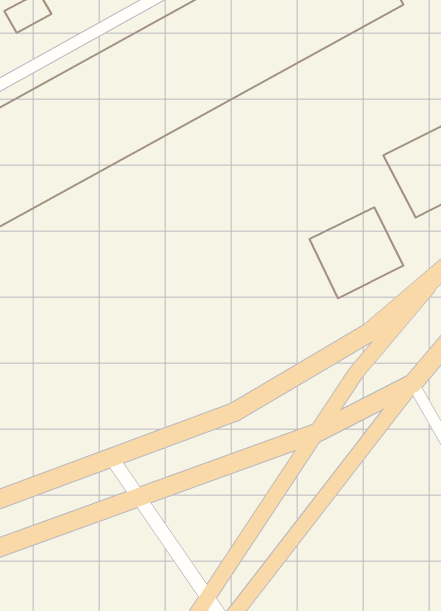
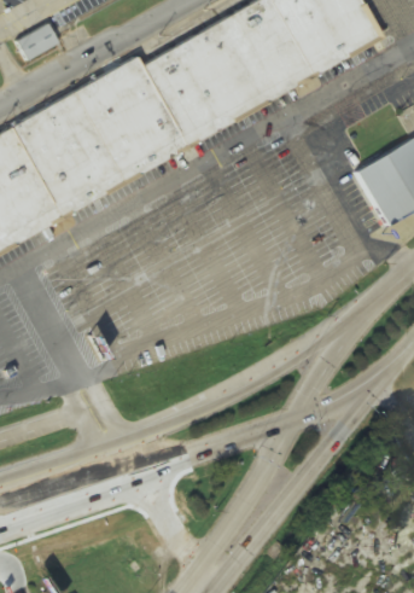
building: [310,207,403,298] -> none

